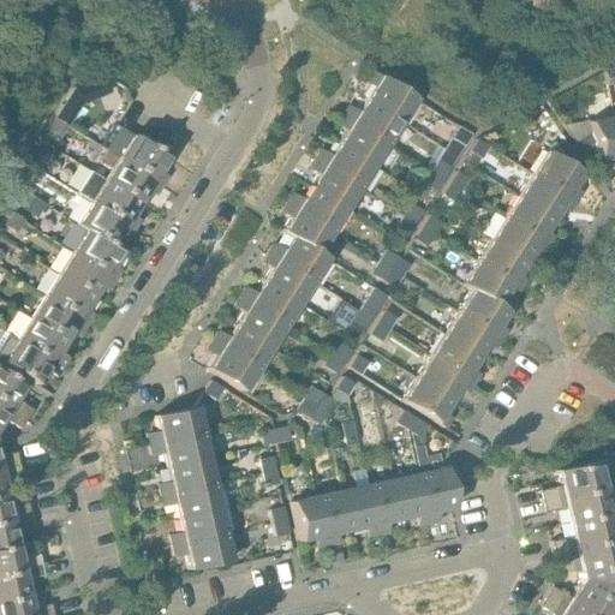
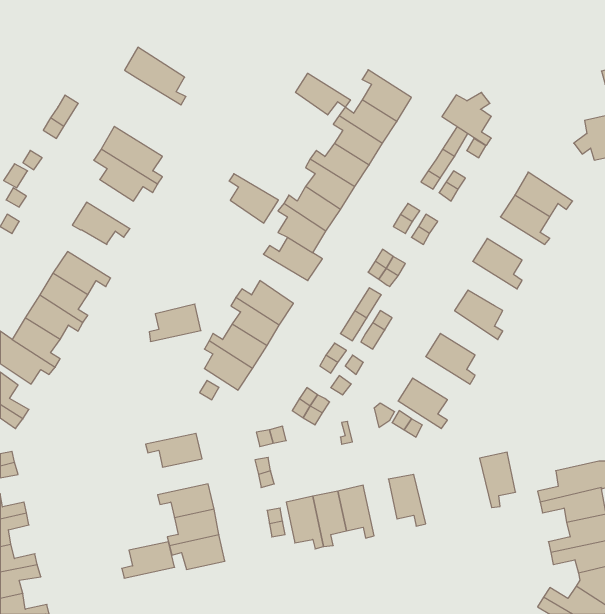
building: none -> [296,73,350,115]
building: [537,148,586,201] -> [442,92,491,145]
building: [83,171,144,228] -> [125,47,186,105]
building: [496,216,554,259] -> none
building: [77,229,126,277] -> none
building: [268,253,317,303] -> [229,174,278,223]
building: [467,261,526,305] -> none
building: [449,310,507,354] -> none
building: [422,356,479,399] -> none
building: [154,406,205,443] -> [149,304,201,341]
building: [165,458,217,494] -> [122,542,175,578]
building: [423,467,459,523] -> [480,452,516,508]
building: [372,478,406,535] -> none

